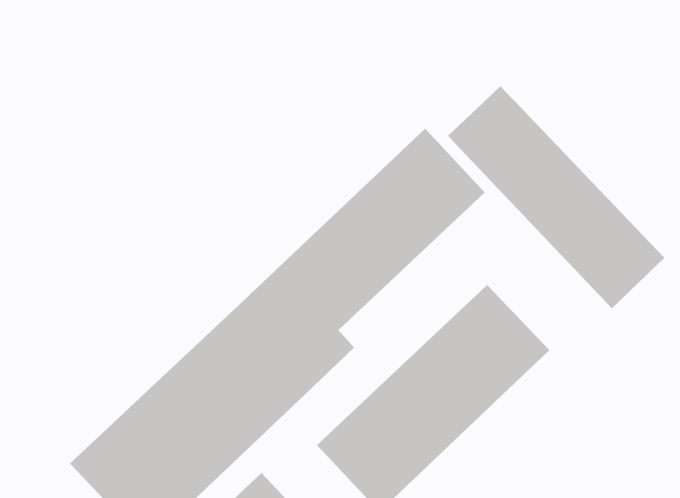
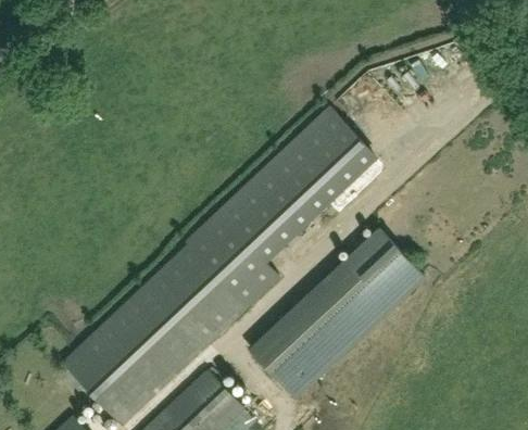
building: [447,86,665,309] -> none

